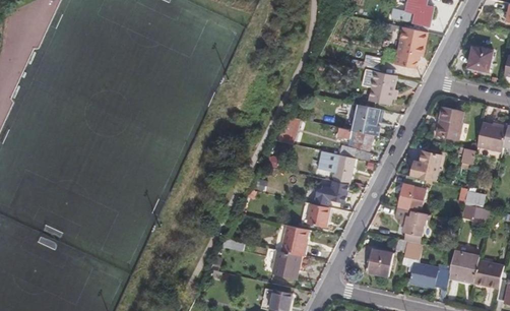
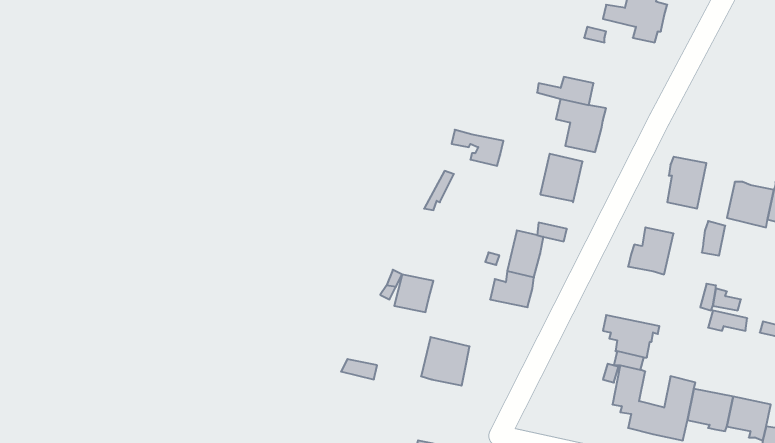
building: [395,26,427,68] -> none
building: [466,49,491,72] -> none
building: [339,127,373,150] -> [452,130,503,166]
building: [398,176,426,210] -> none
building: [308,203,333,228] -> [394,275,433,312]
building: [363,249,392,277] -> none
building: [277,250,307,277] -> none

